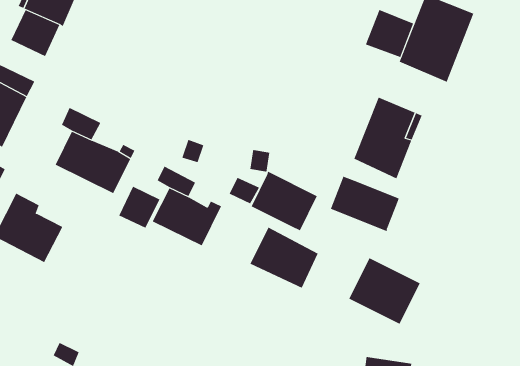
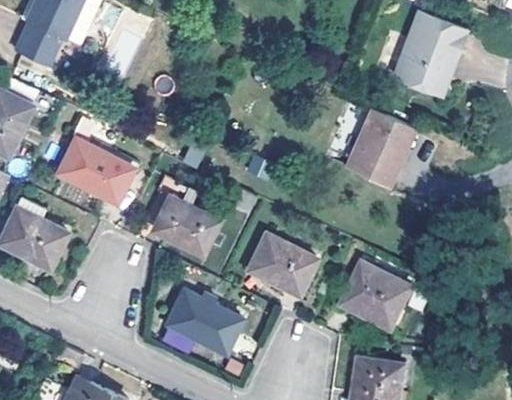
building: [365,9,414,58] -> none
building: [251,171,317,231] -> none
building: [330,176,399,232] -> none
building: [119,186,160,229] -> none
building: none -> [166,291,240,354]

